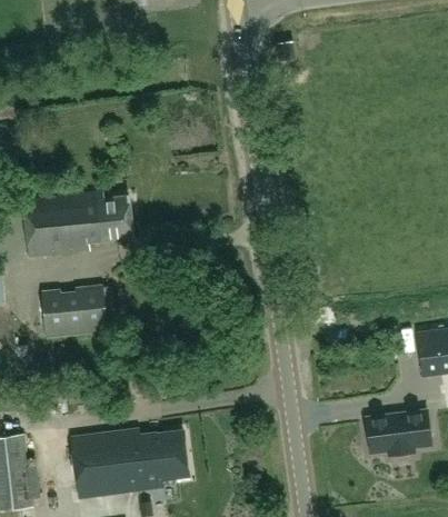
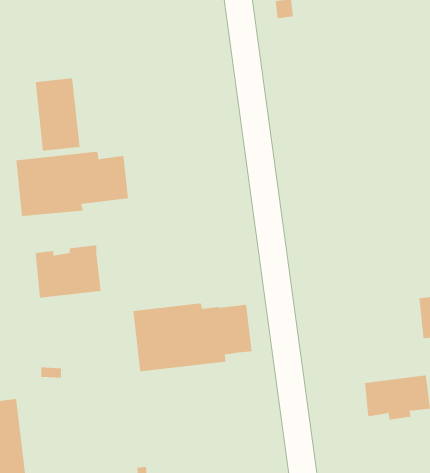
building: none -> [35,78,80,152]
building: [71,429,189,497] -> [133,303,253,372]

